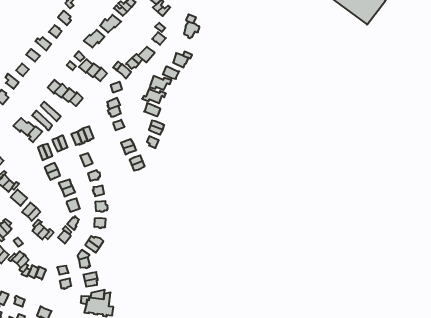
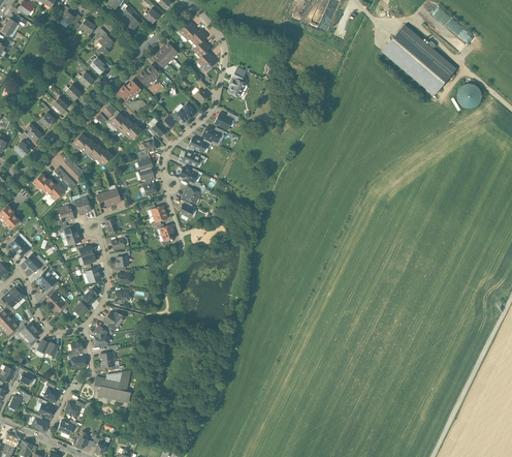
building: none -> [458,82,485,110]

